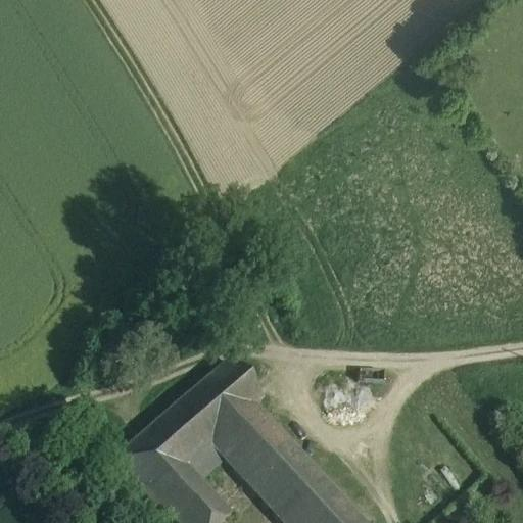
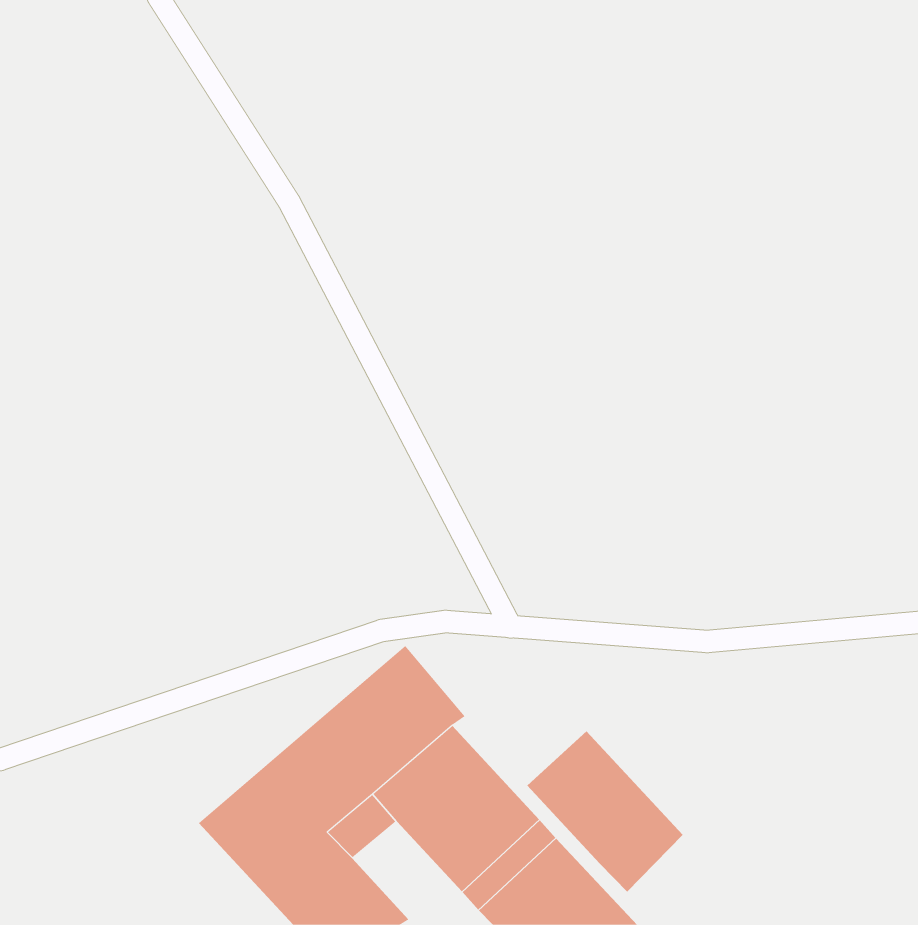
building: none -> [526,730,684,893]

